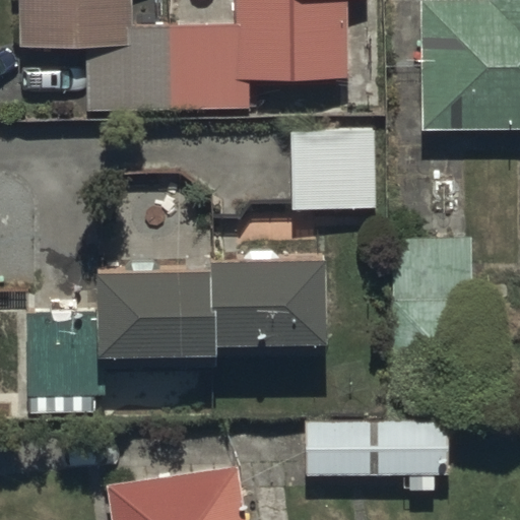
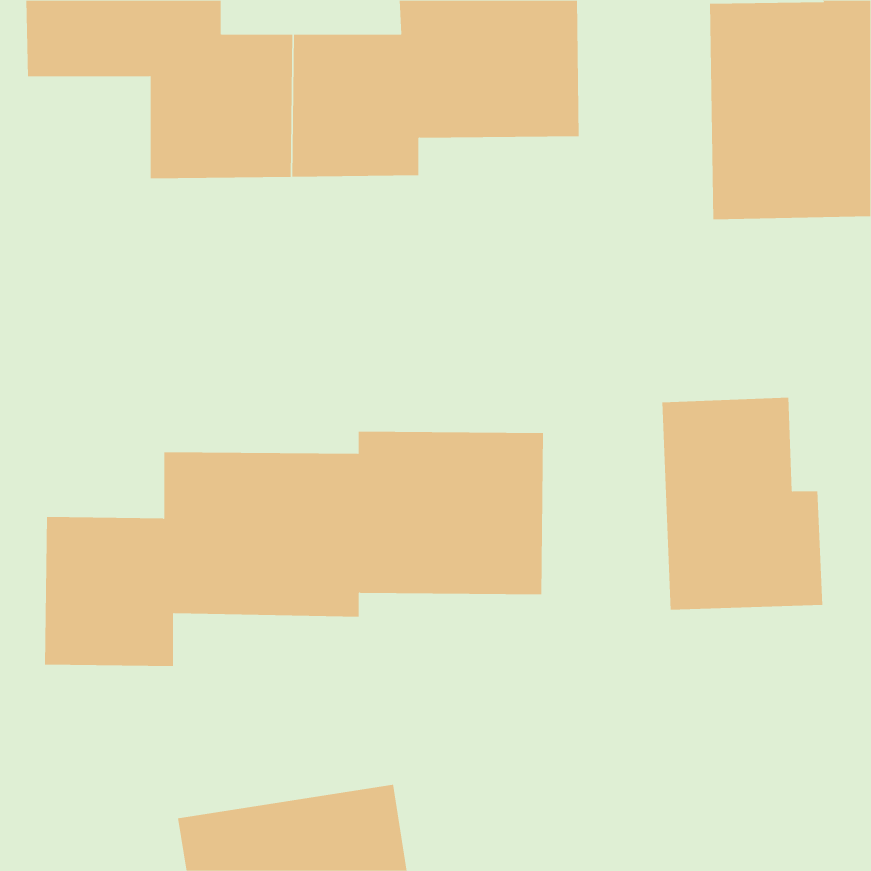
building: [288,126,379,210] -> none
building: [304,418,453,489] -> none

